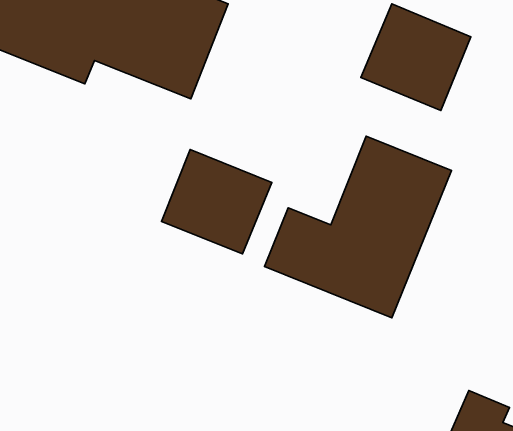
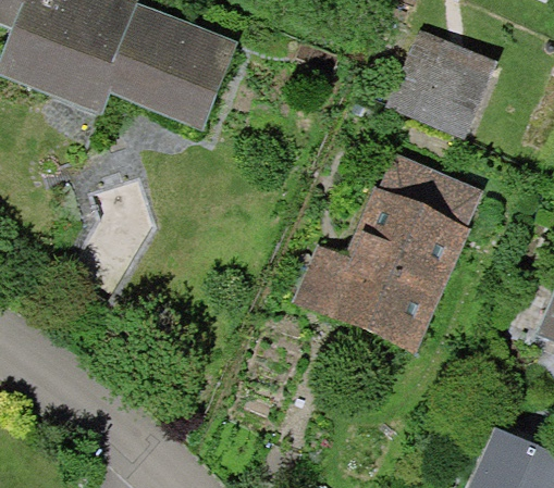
building: [161,150,272,254] -> none

